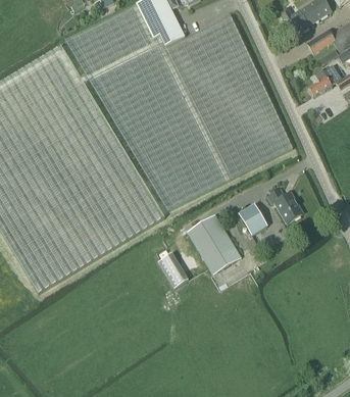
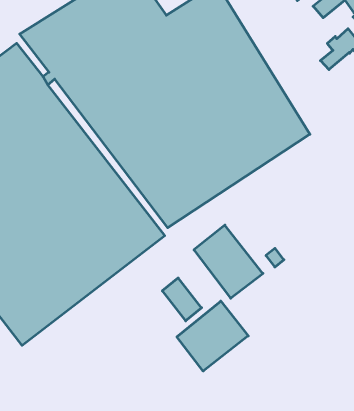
building: [266,188,304,224] -> none
building: [238,204,267,236] -> none
building: none -> [177,301,248,371]

